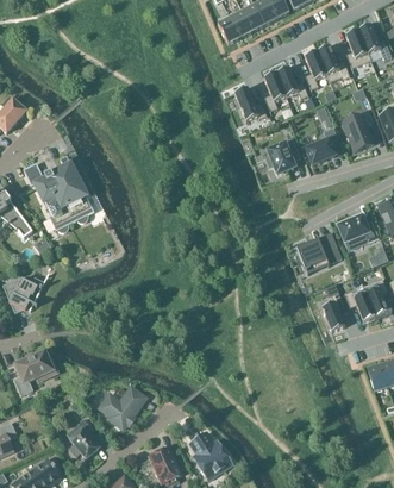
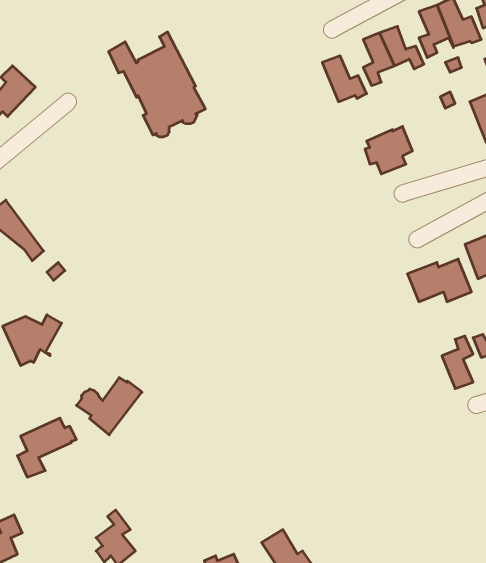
building: [305,126,339,164] -> none
building: [24,155,94,231] -> [109,32,205,137]
building: [99,387,146,428] -> [76,378,142,435]

